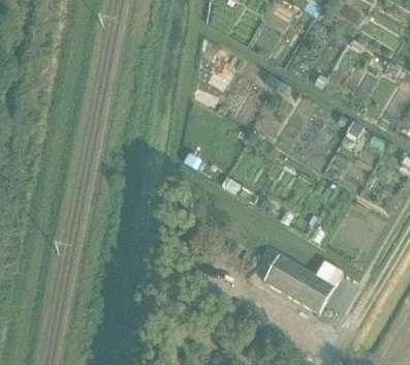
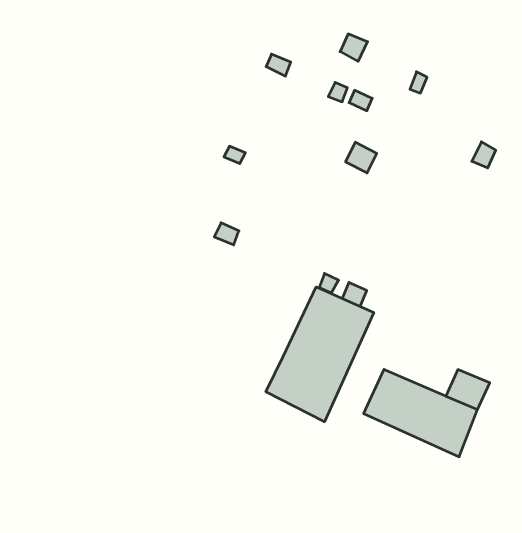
building: none -> [266,287,374,422]

